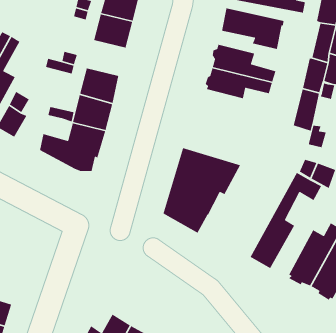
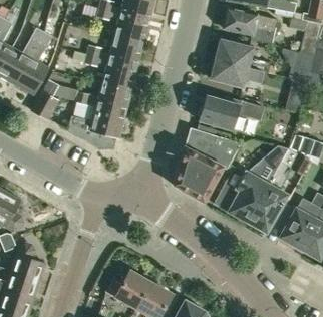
building: none -> [108,36,142,66]
building: none -> [199,94,264,130]
building: none -> [214,146,288,222]

